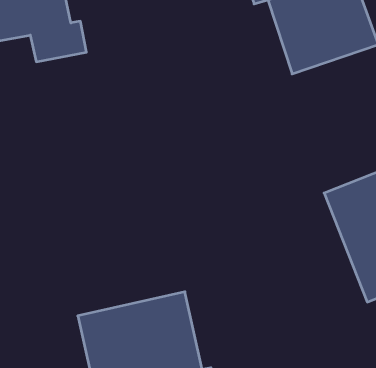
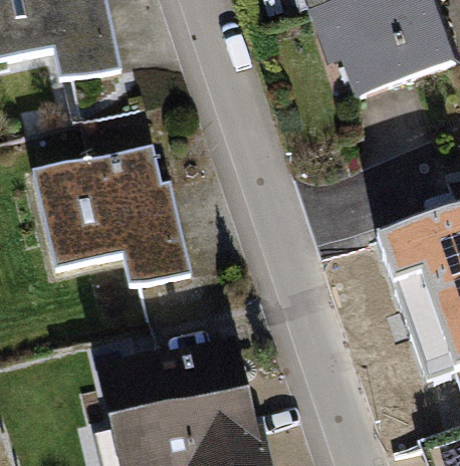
building: none -> [33,149,191,286]

